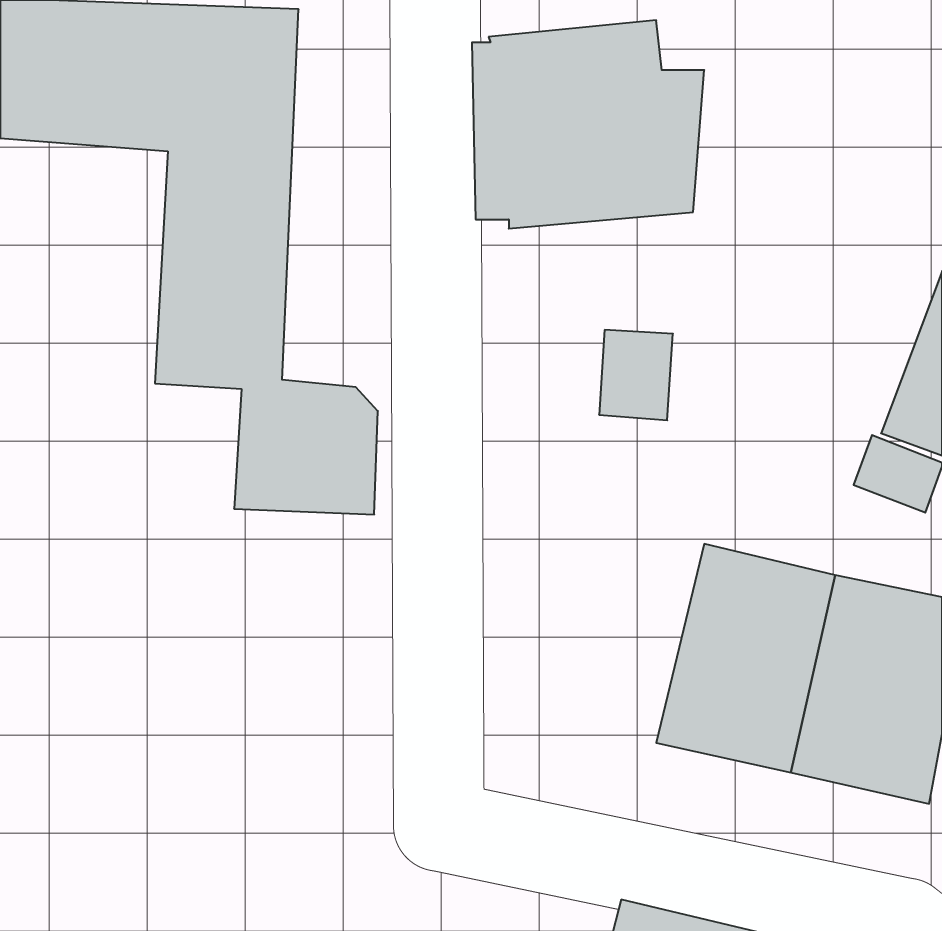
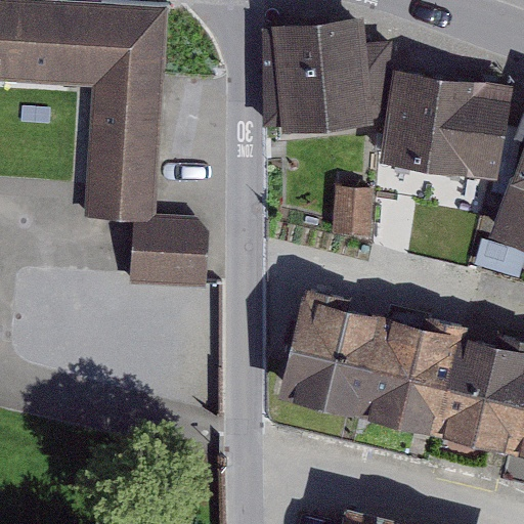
building: none -> [382,71,512,181]
building: none -> [278,288,391,419]

